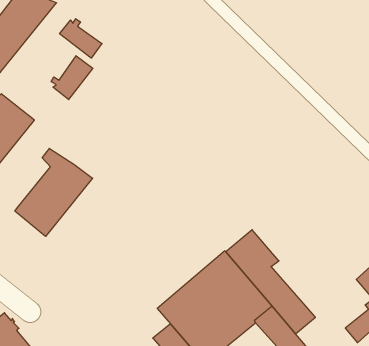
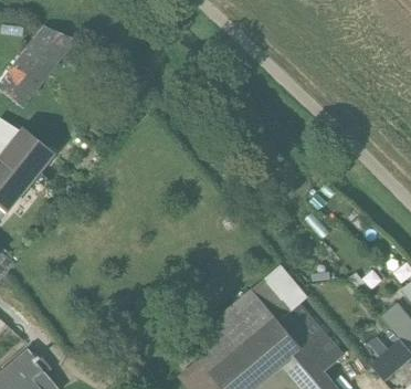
building: [60,19,102,58] -> none
building: [51,56,93,100] -> none
building: [15,148,93,236] -> none

